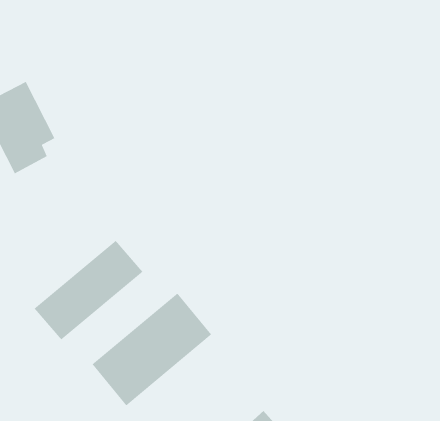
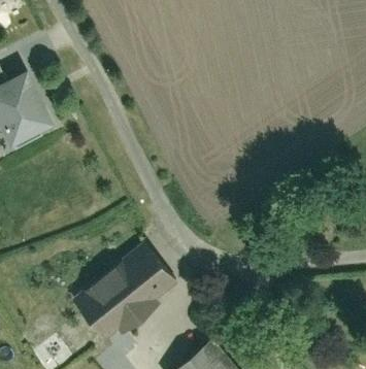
building: [34,240,143,341] -> none

